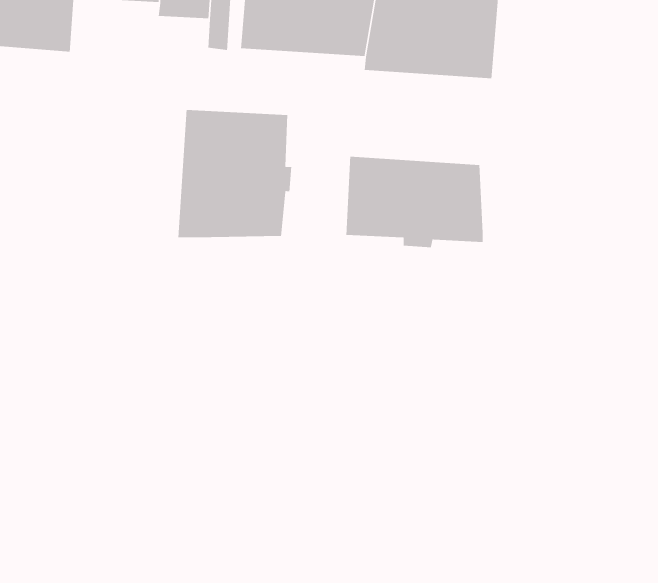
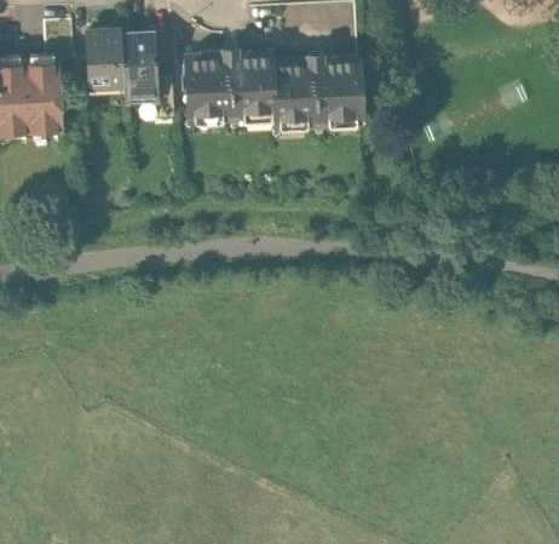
building: [177,109,292,238] -> none
building: [345,156,483,248] -> none

